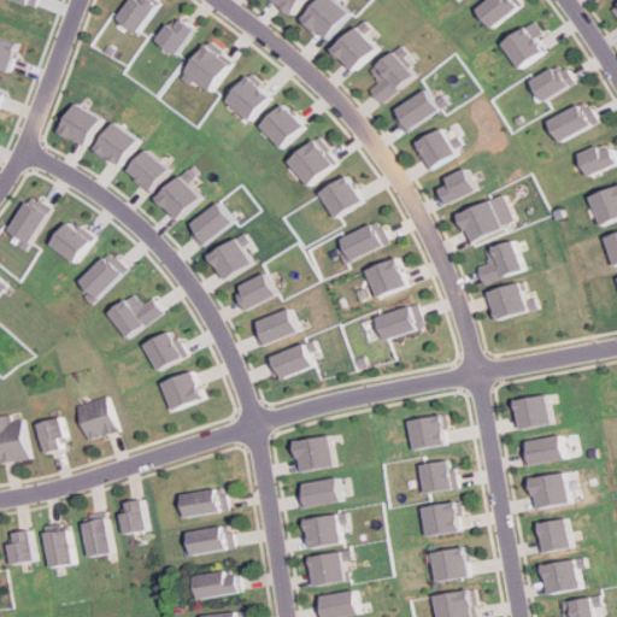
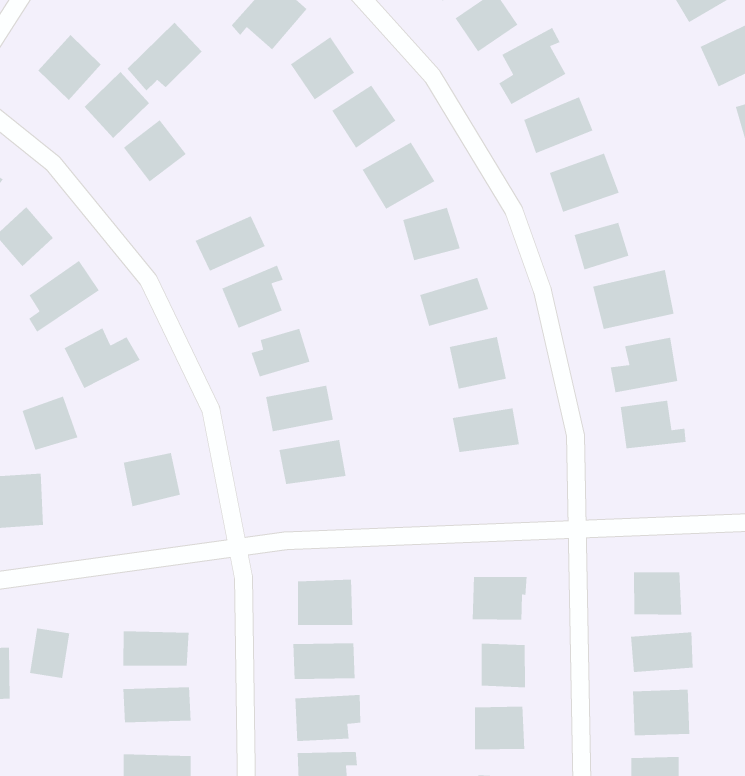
building: none -> [126,22,202,91]
building: [153,170,198,221] -> none
building: [141,330,182,370] -> [21,396,79,451]

